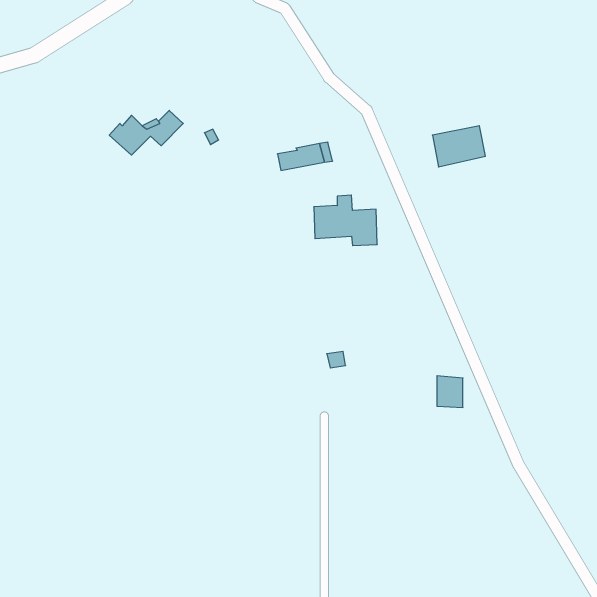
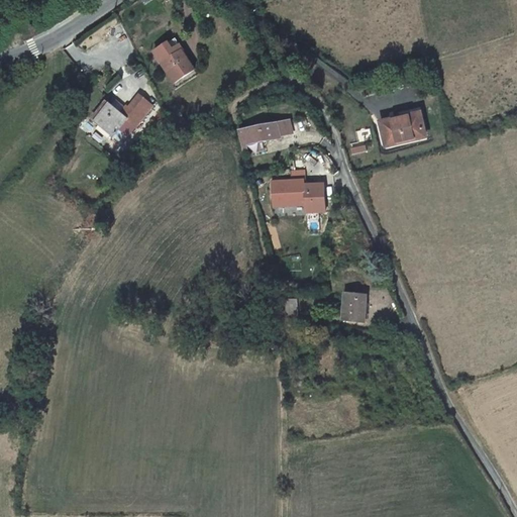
building: none -> [162,45,194,78]
building: [437,376,463,407] -> [341,297,364,324]

